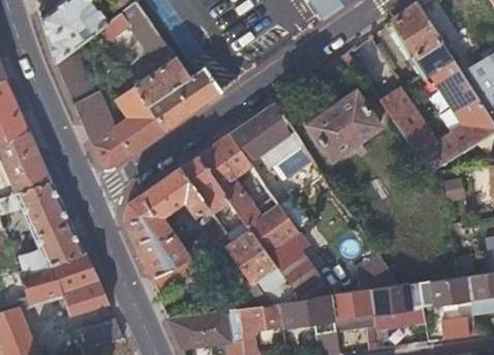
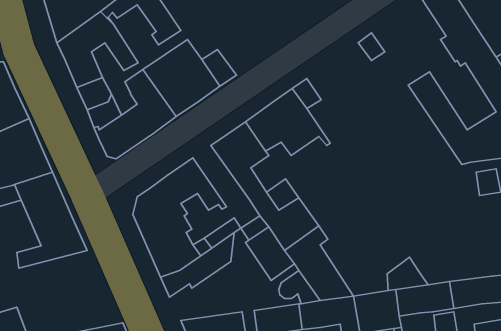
building: [308,93,378,159] -> none
building: [181,156,234,213] -> none
building: [20,252,107,313] -> none

